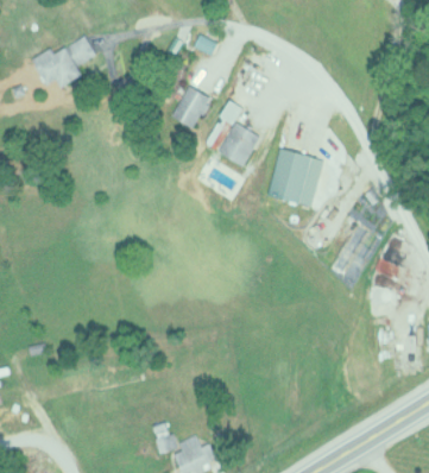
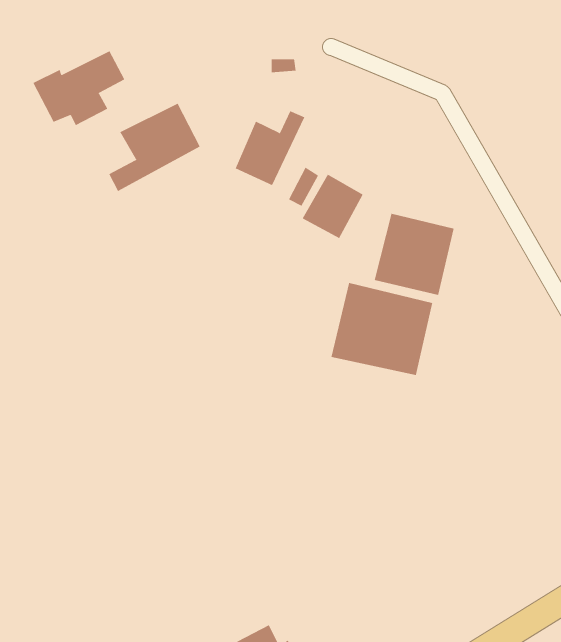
building: none -> [109,103,201,192]
building: none -> [331,282,433,376]

